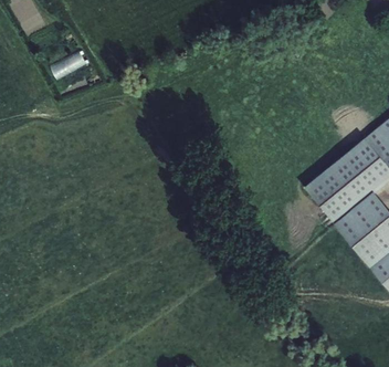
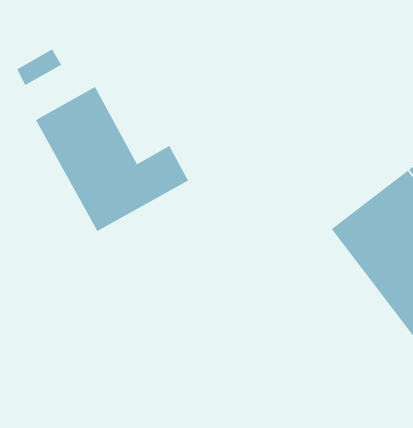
building: none -> [35,86,189,232]

